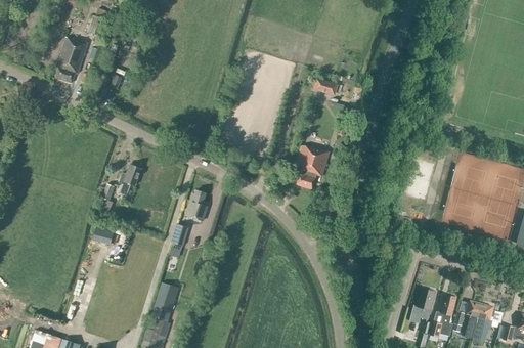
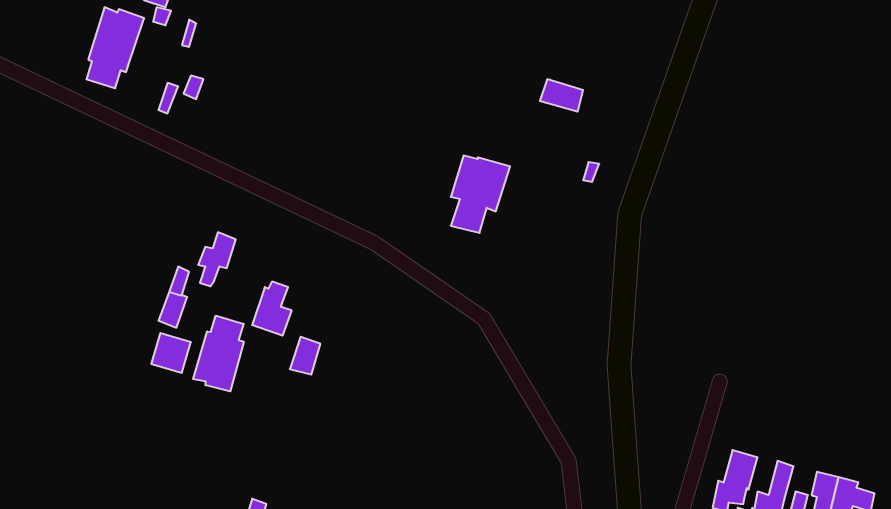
building: [296,145,330,189] -> [451,156,510,233]
building: [185,190,208,221] -> [252,282,292,336]
building: none -> [193,316,244,391]
building: [155,282,179,312] -> none

